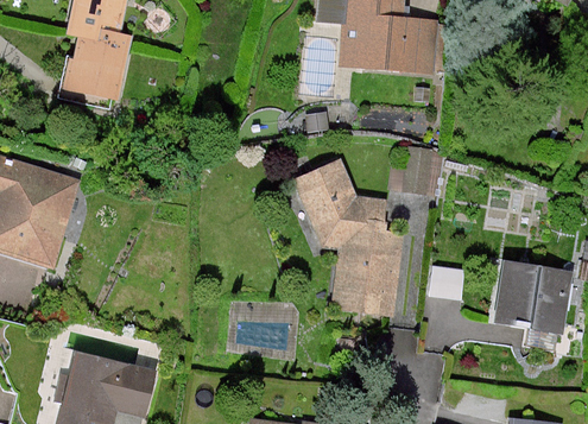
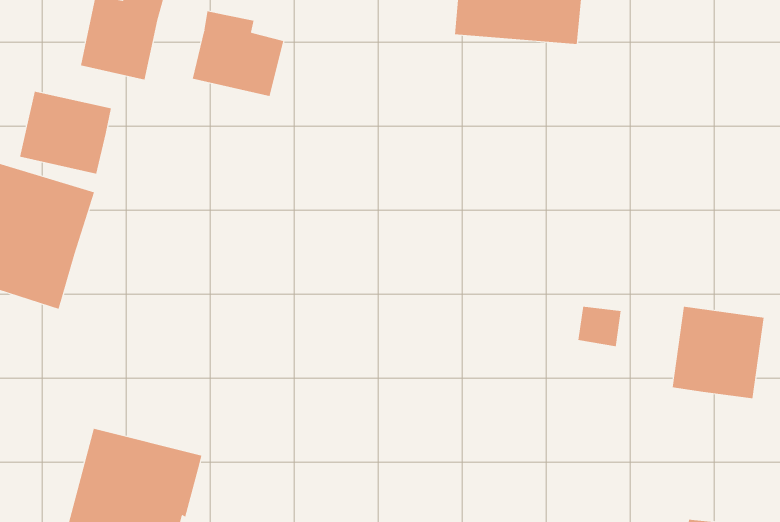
building: none -> [192,10,284,97]
building: none -> [20,91,111,174]
building: [297,160,400,315] -> none

